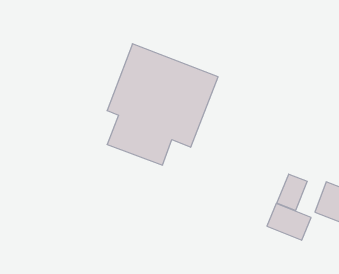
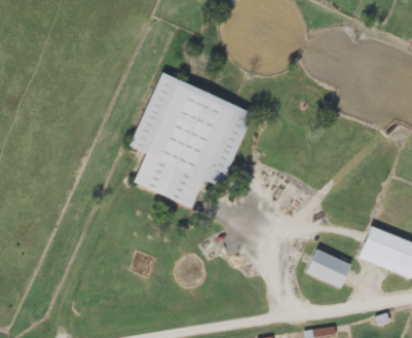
building: [277,174,307,210] -> none

